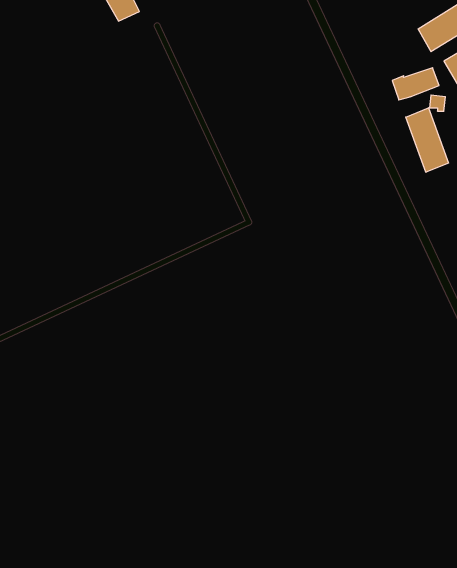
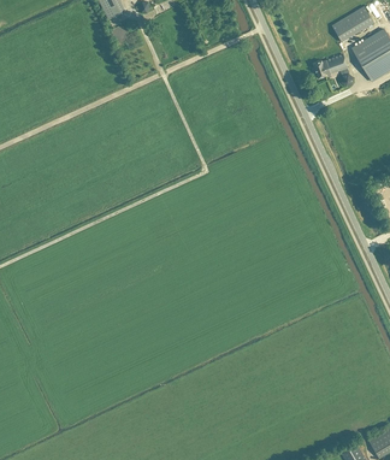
building: [406,108,449,172] -> none

